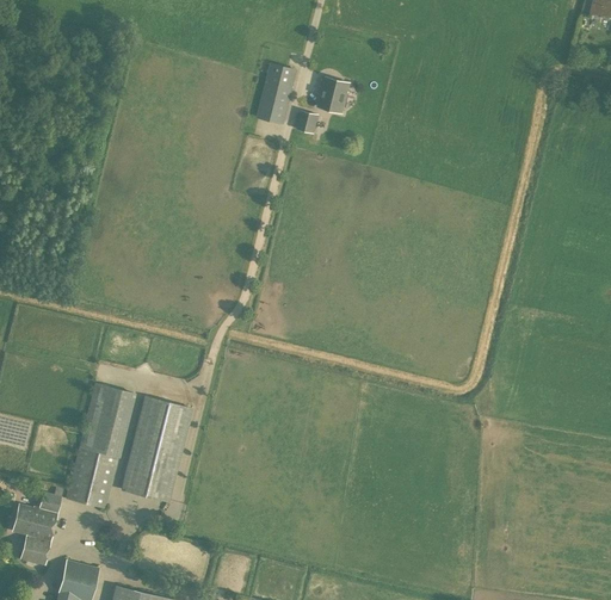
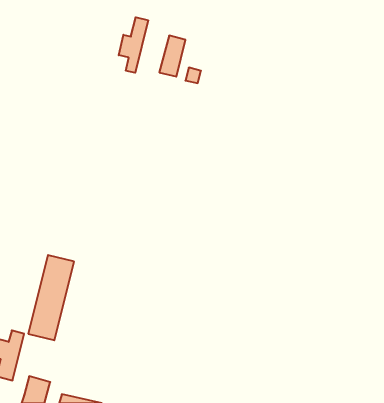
building: none -> [119,17,148,73]
building: [317,76,347,112] -> none
building: [121,396,191,501] -> none

